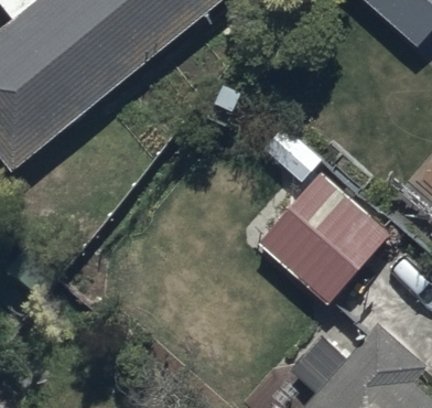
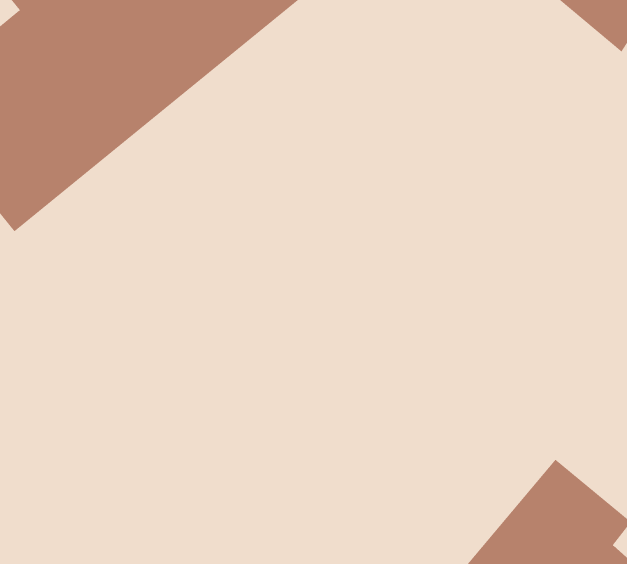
building: [260,174,391,307] -> none

